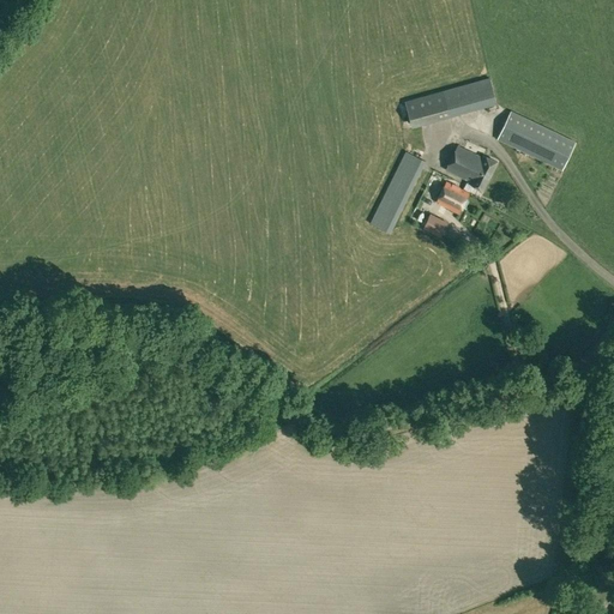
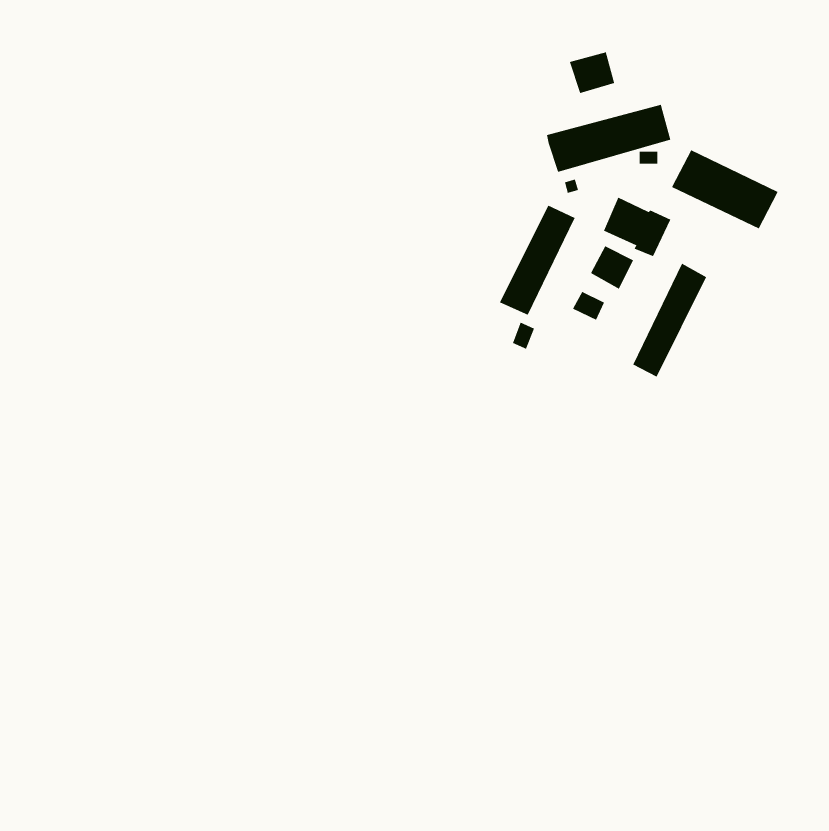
building: none -> [569,51,615,94]
building: none -> [632,263,707,377]

